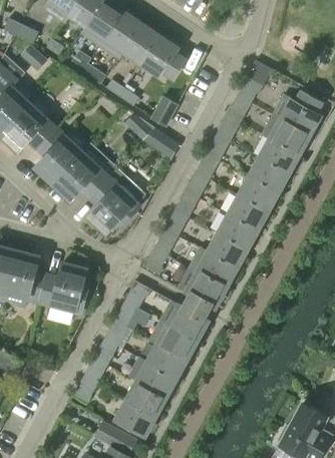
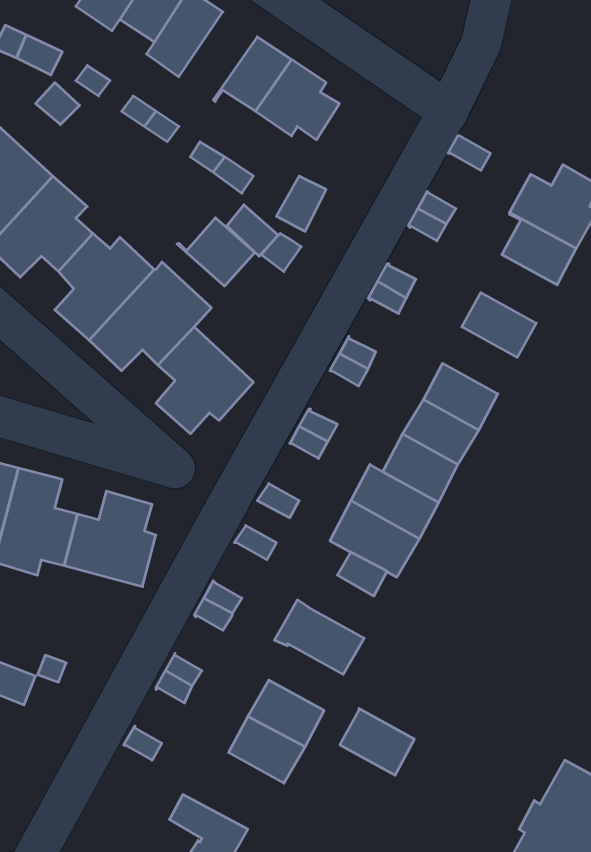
building: [100,11,141,57] -> none
building: none -> [177,218,255,286]
building: [259,138,299,174] -> none
building: [239,176,278,211] -> none
building: [169,305,209,340] -> none
building: [147,343,187,378] -> [340,708,414,775]
building: [115,400,155,436] -> none

